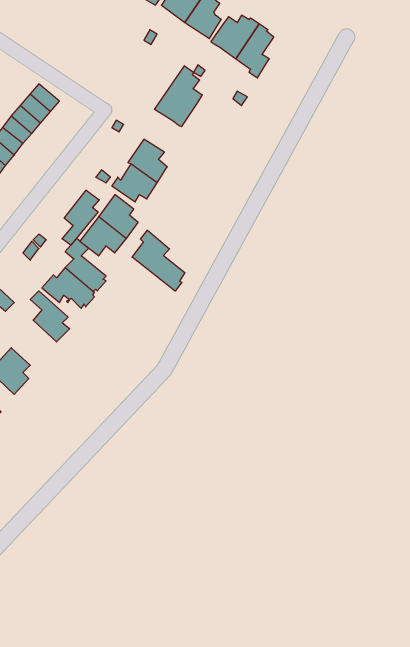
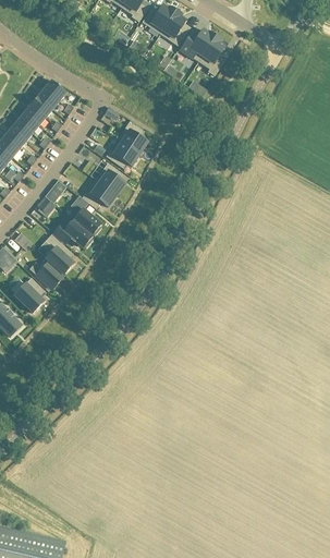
building: [154,66,202,127] -> none
building: [62,190,99,245] -> none
building: [132,230,185,291] -> none
building: none -> [28,256,64,288]

